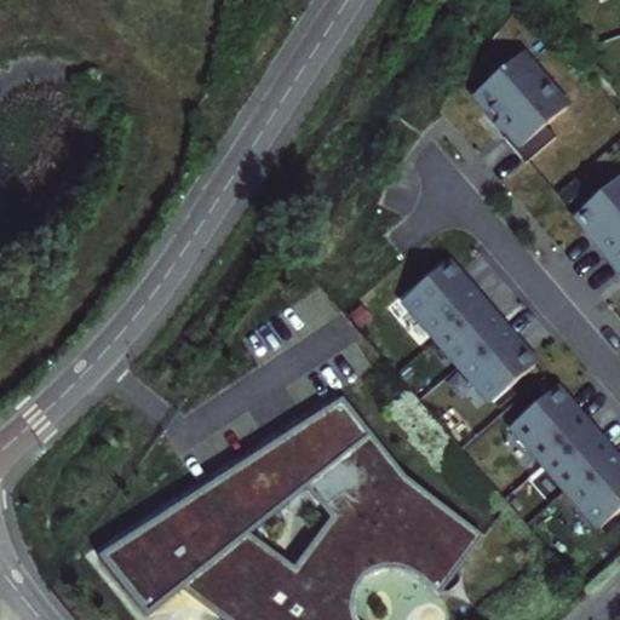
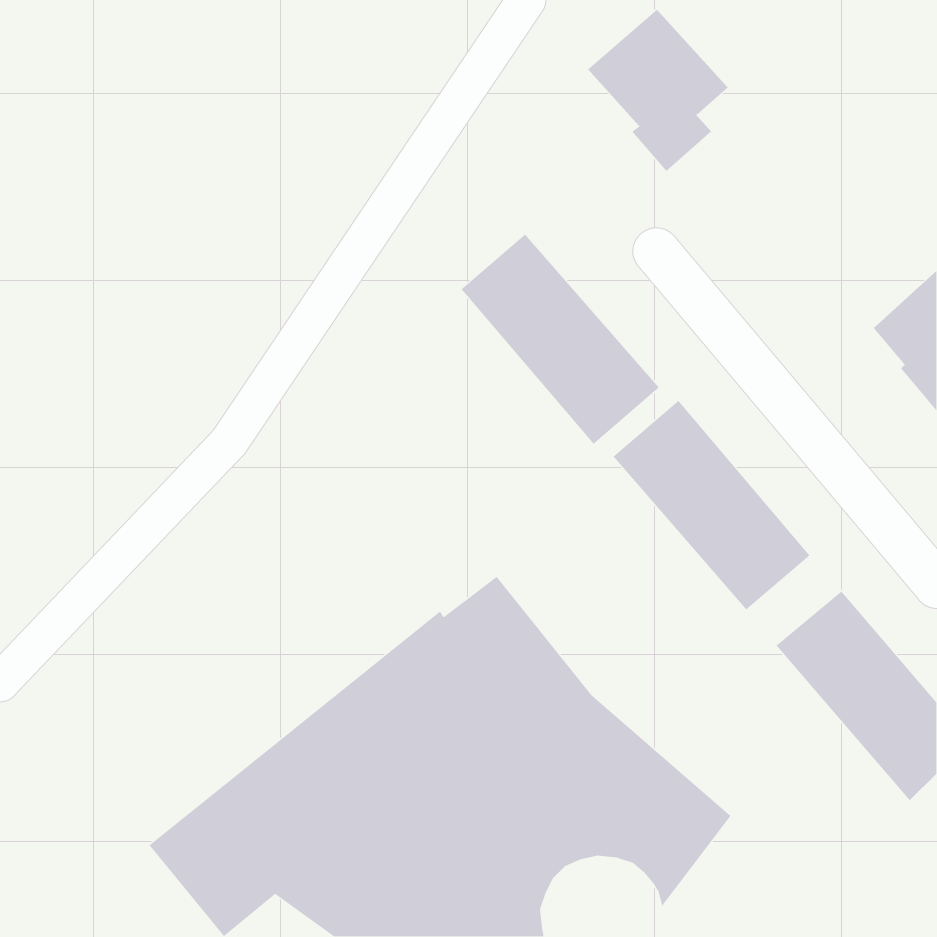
building: [475,58,568,166] -> [587,9,728,172]
building: none -> [461,233,660,445]

